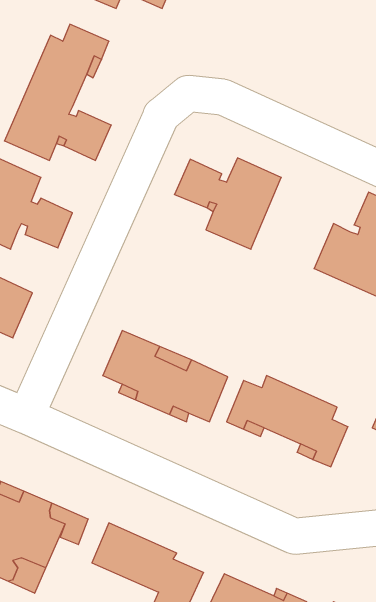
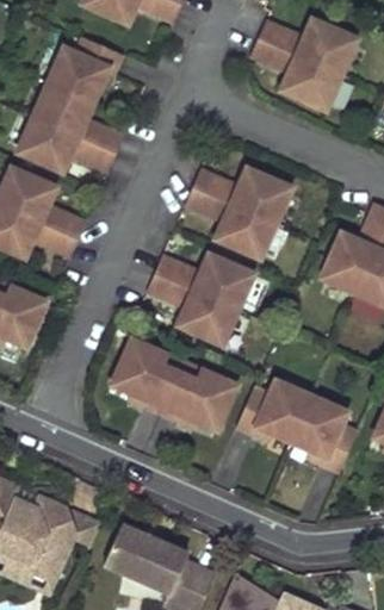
building: none -> [250,20,355,108]
building: none -> [147,254,252,343]

